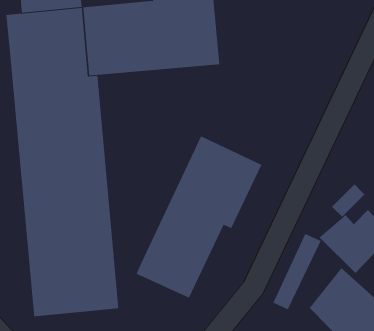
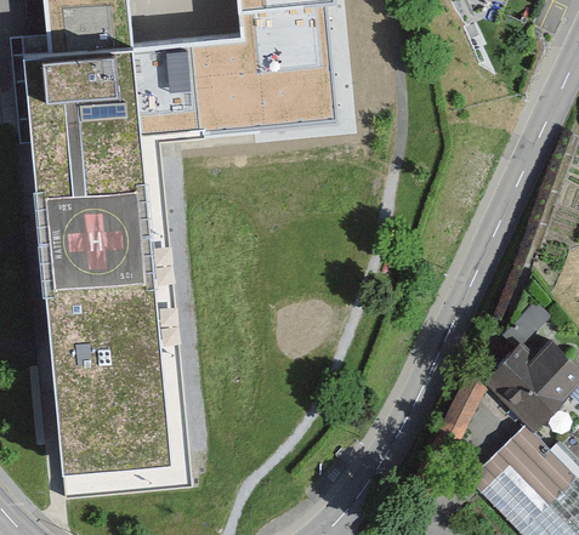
building: [136,135,262,299] -> none

